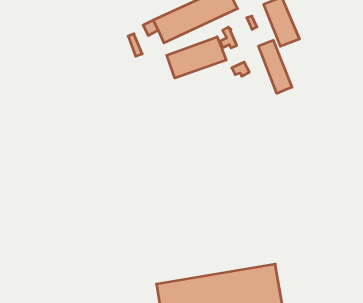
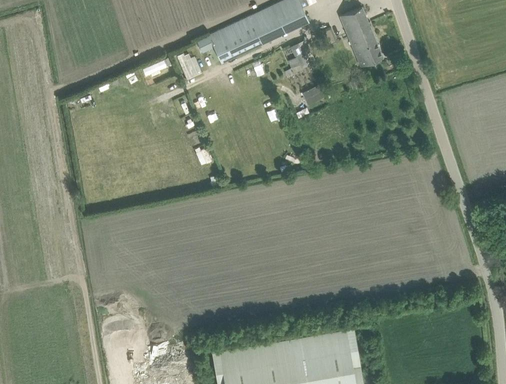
building: [167,37,226,78] -> none
building: [259,40,292,93] -> none

